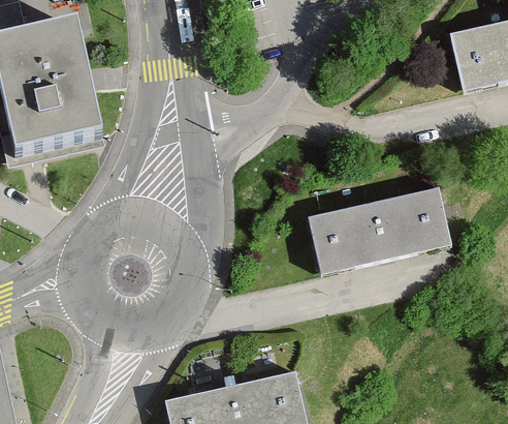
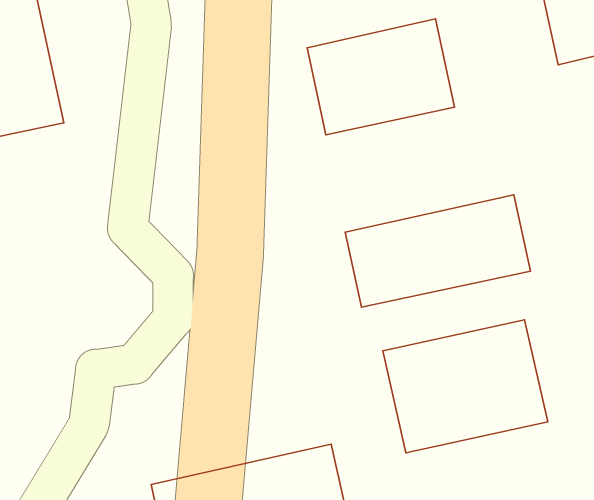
building: none -> [307,19,455,135]
building: none -> [383,320,548,453]

